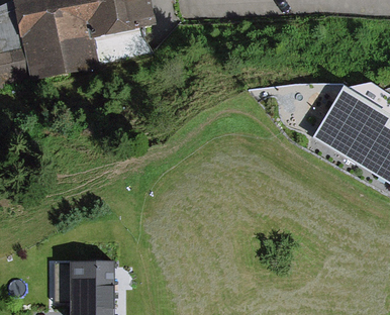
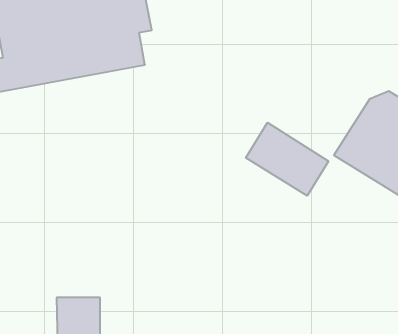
building: none -> [246,123,328,196]

